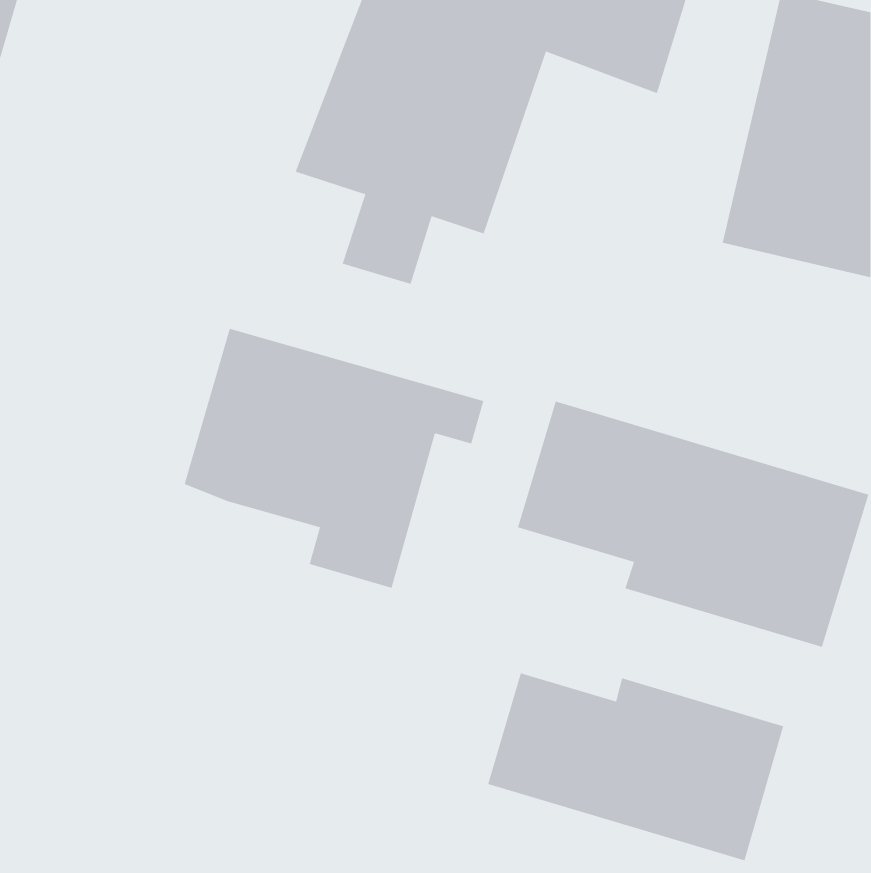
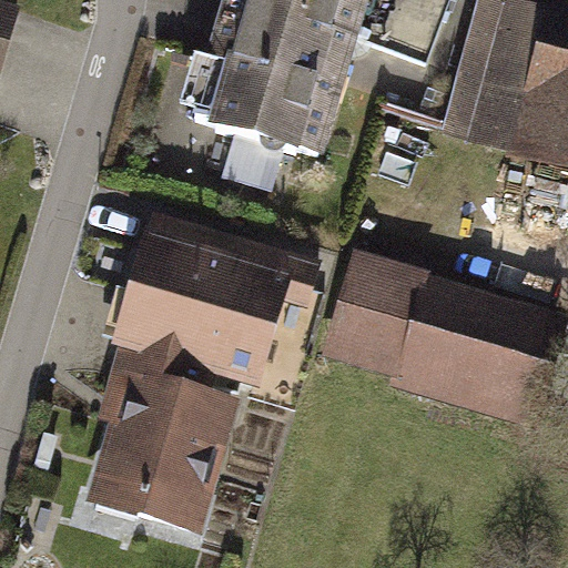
building: none -> [98,321,223,524]
building: [487,673,784,861] -> none

